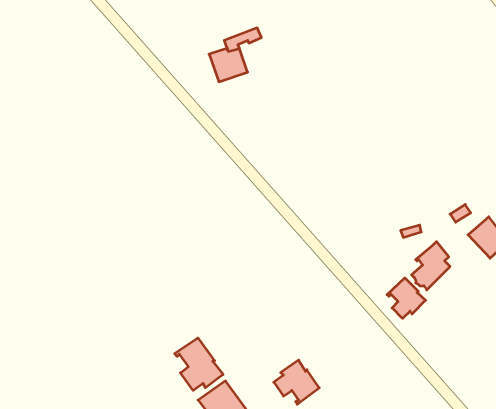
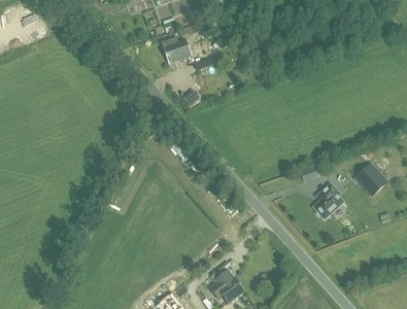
building: [387,278,426,318] -> none
building: [175,338,223,390] -> none

